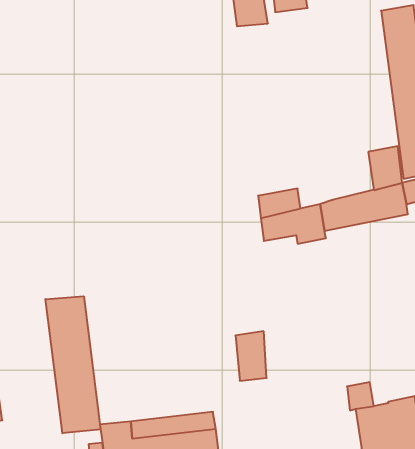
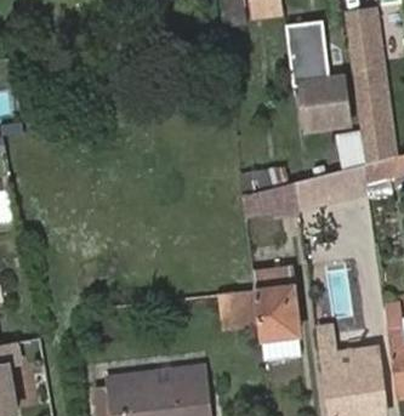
building: none -> [288,23,352,136]
building: [45,296,100,433] -> none
building: none -> [252,267,306,361]

